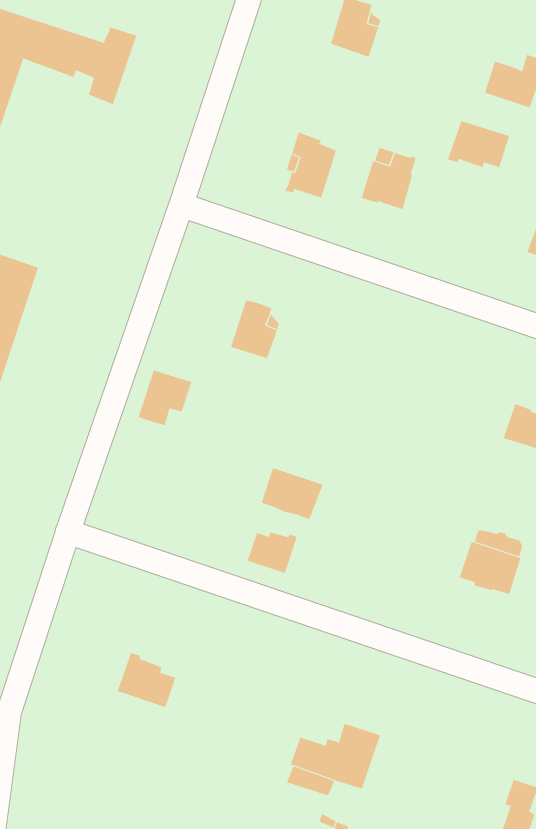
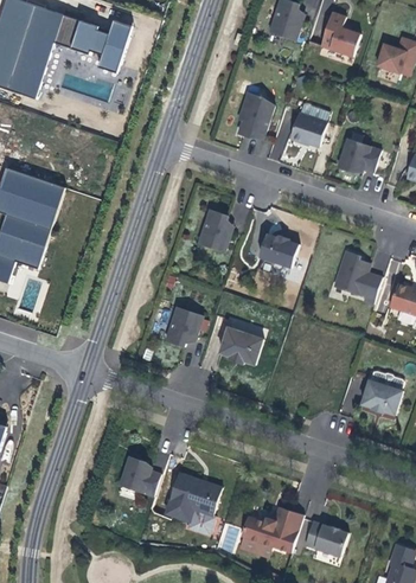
building: none -> [320,12,360,56]
building: [447,121,510,168] -> [337,139,380,172]
building: none -> [258,232,299,268]
building: none -> [333,251,382,305]
building: [138,370,192,426] -> [165,307,203,346]
building: [247,531,298,574] -> none
building: none -> [164,473,222,536]
building: none -> [305,520,347,556]

